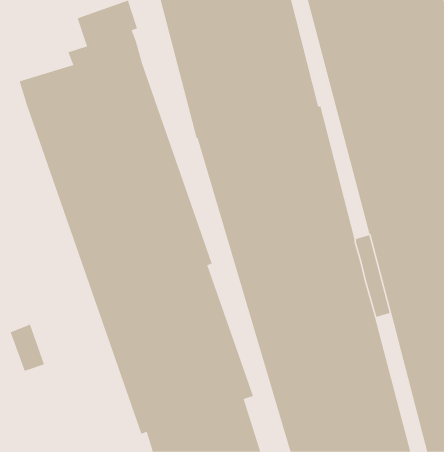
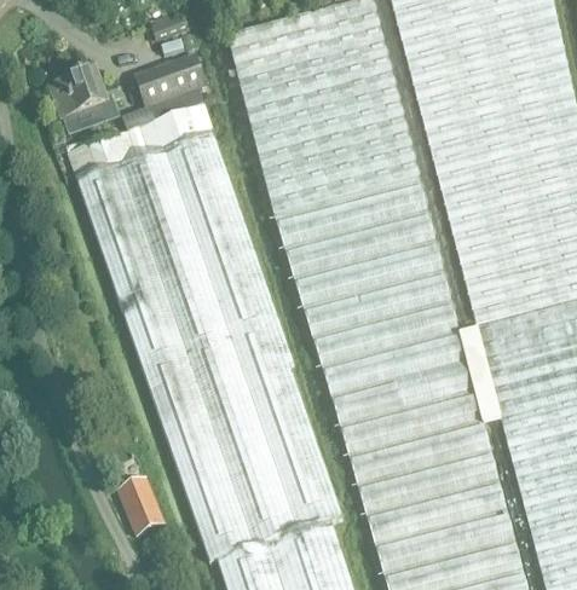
building: none -> [52,73,126,128]
building: [10,324,45,372] -> [121,484,162,539]

